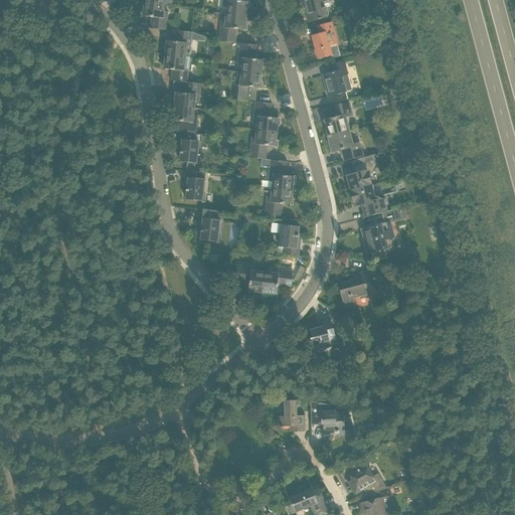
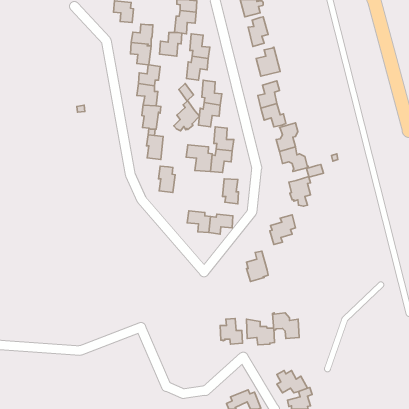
building: none -> [160,32,182,56]
building: none -> [174,84,199,131]
building: none -> [186,145,212,172]
building: none -> [273,313,299,338]

